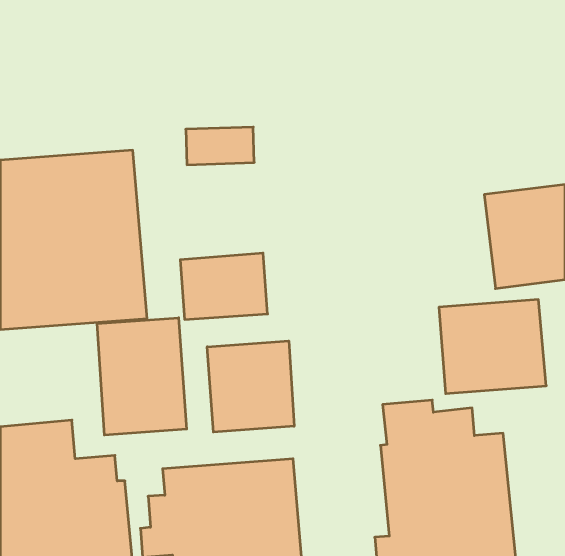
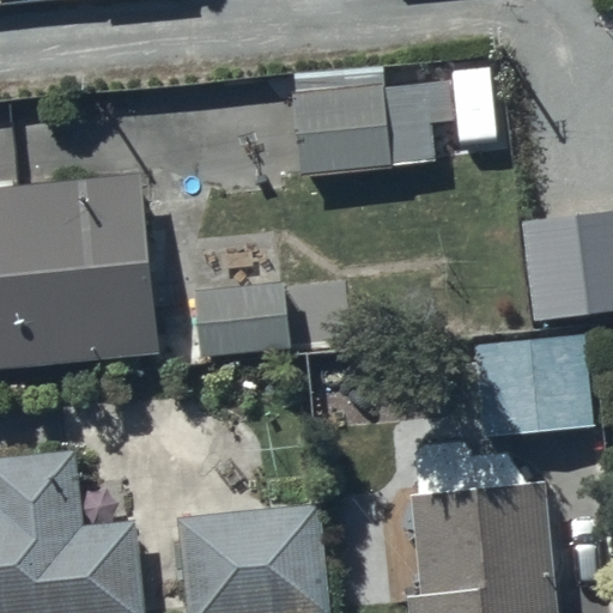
building: none -> [293,83,454,176]
building: [97,318,187,435] -> none
building: [207,341,294,432] -> none

